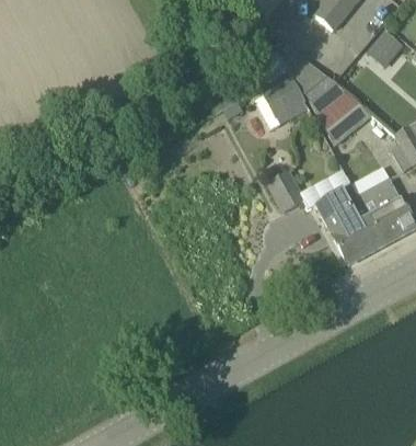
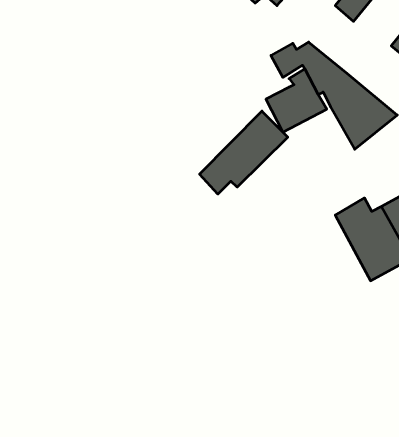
building: none -> [200,111,288,194]
building: [267,170,303,208] -> none

